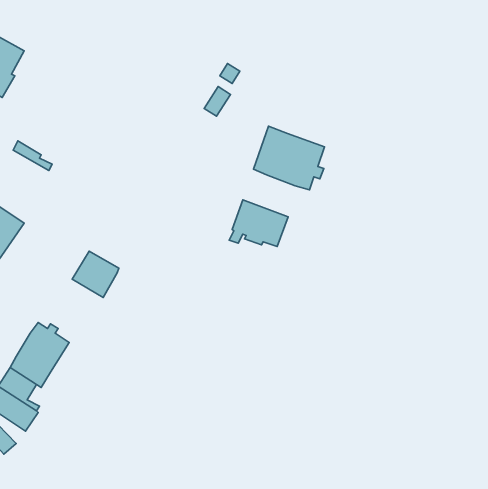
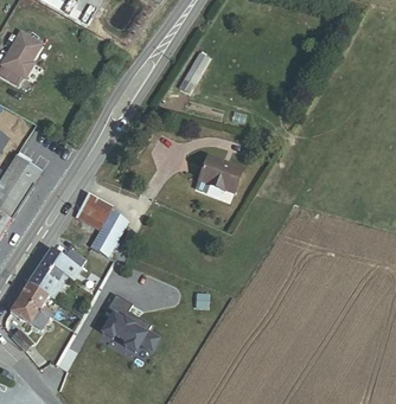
building: [253,126,325,190] -> none
building: none -> [90,212,128,258]
building: none -> [103,294,159,351]

